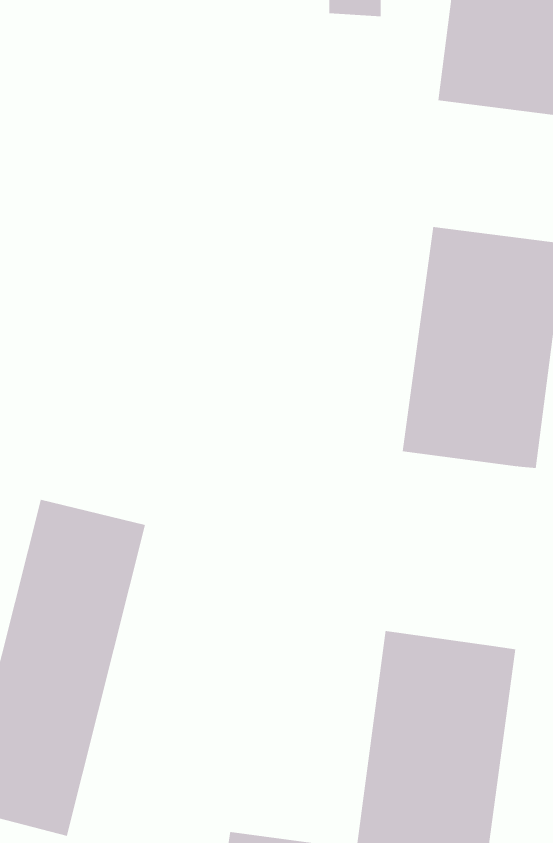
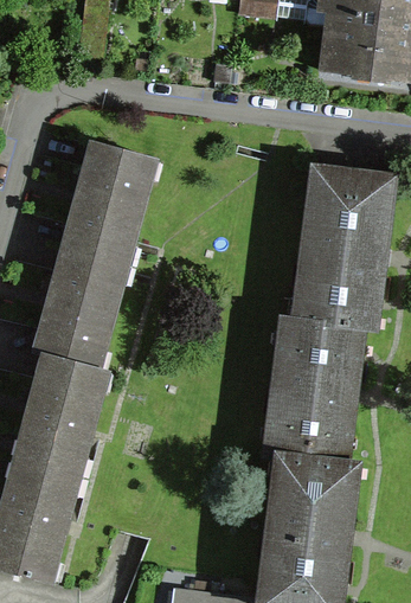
building: none -> [37,136,165,370]
building: none -> [259,317,368,454]

